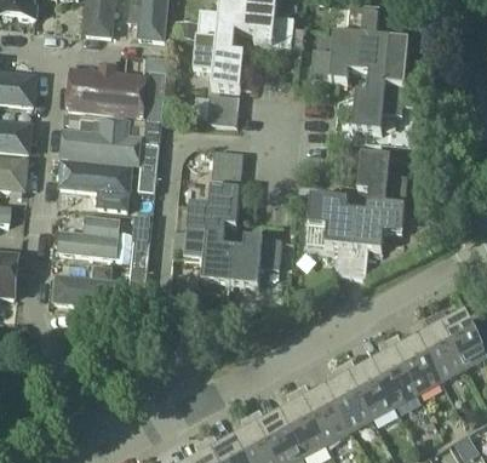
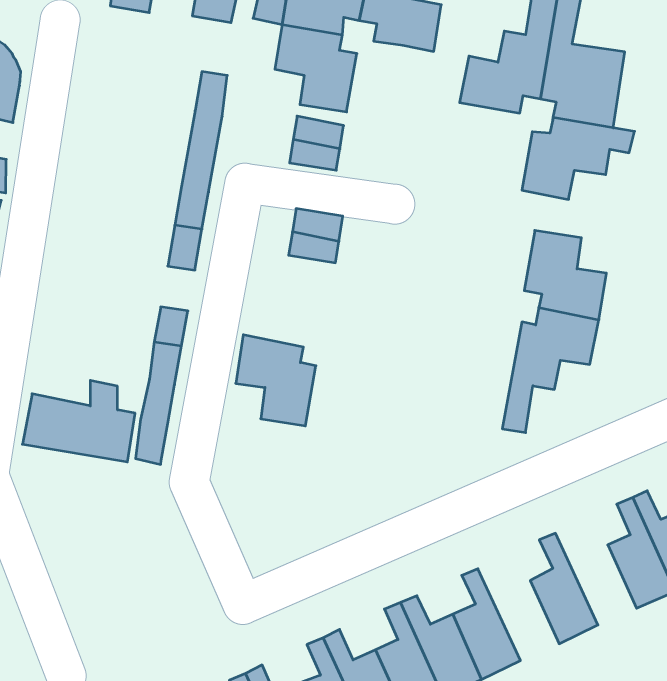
building: [65,63,144,113] -> none
building: [58,121,138,162] -> none
building: [64,171,118,205] -> none
building: [185,185,237,234] -> none
building: [304,194,356,275] -> none
building: [59,213,130,257] -> none
building: [228,235,280,285] -> none
building: [386,331,440,391] -> none
building: [340,356,394,417] -> none

